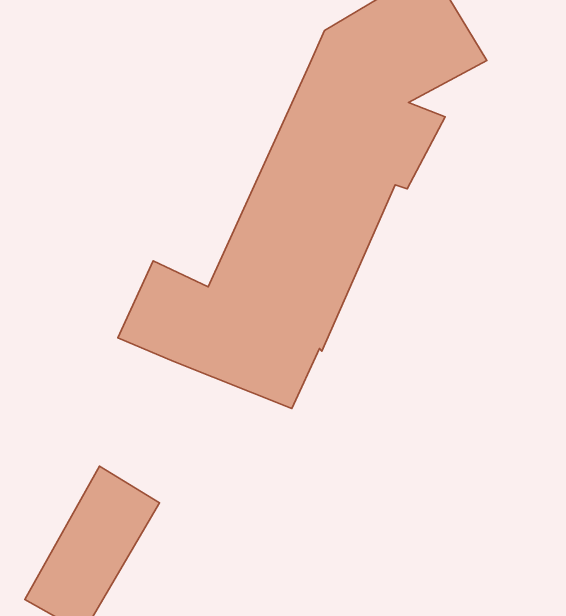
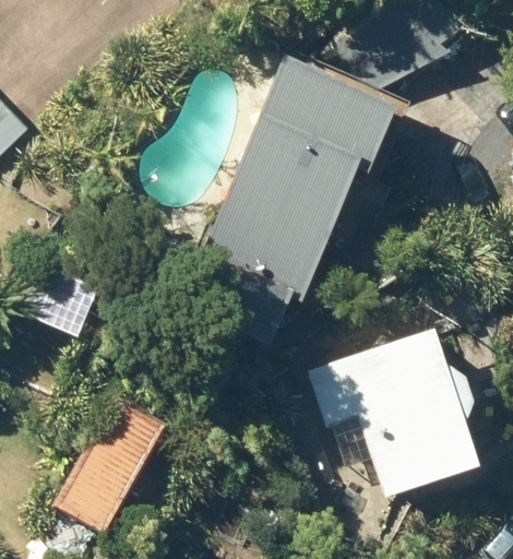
building: none -> [300,329,485,497]

